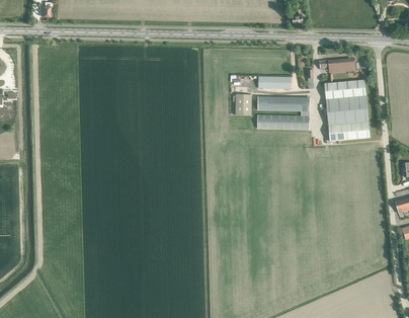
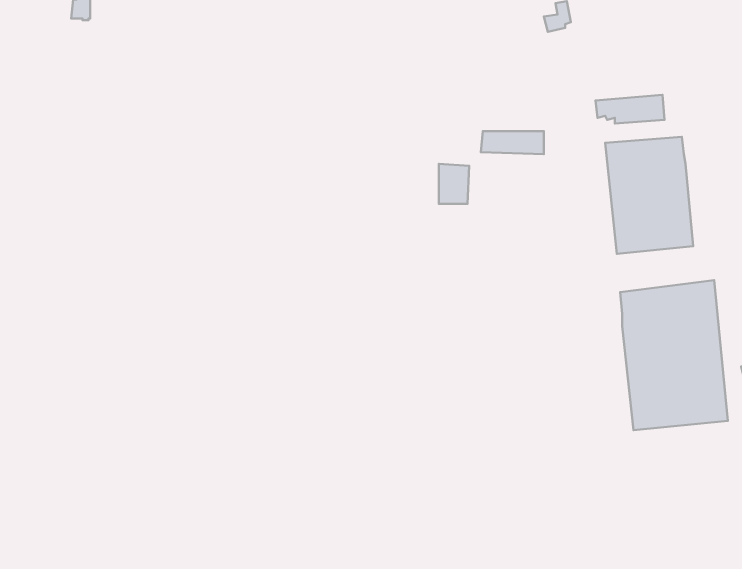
building: [257,96,310,129] -> none
building: none -> [620,280,728,430]

